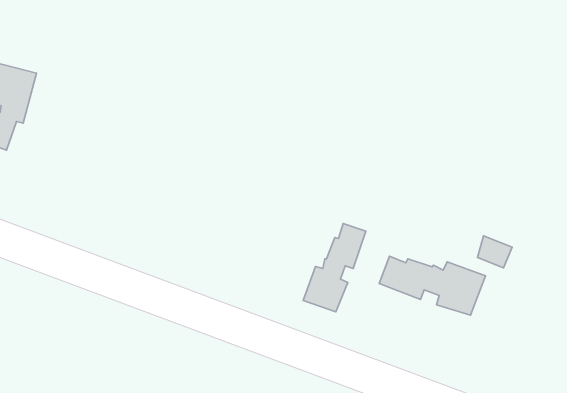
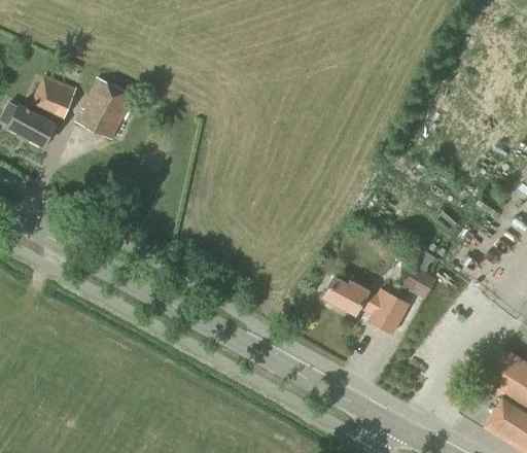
building: none -> [76,78,135,140]
building: [303,223,366,312] -> none

